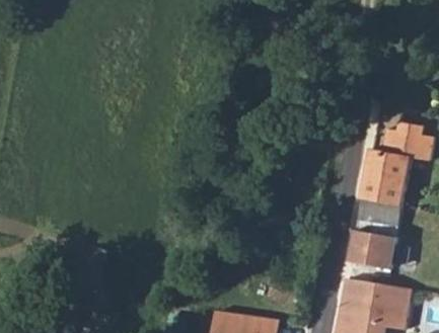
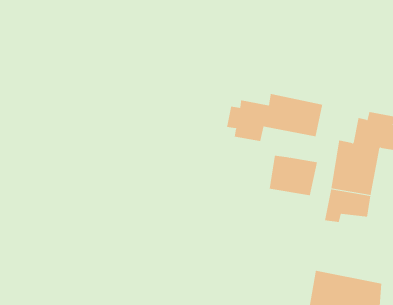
building: none -> [227,93,323,142]
building: [349,229,397,269] -> [269,155,318,196]

